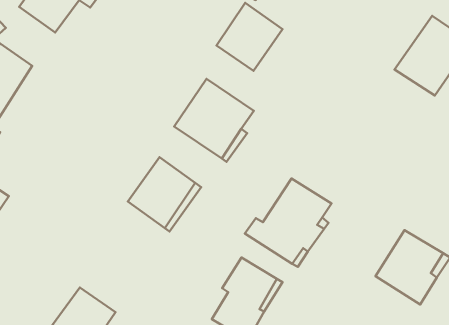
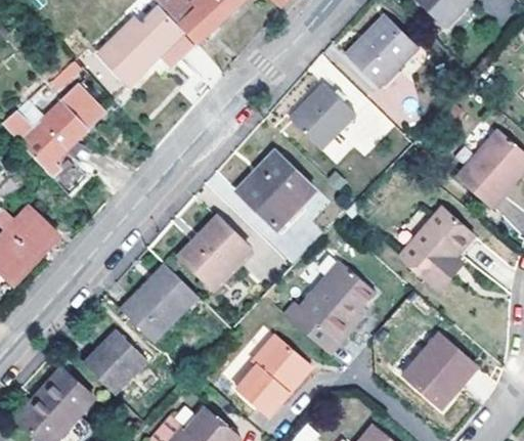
building: none -> [399,204,476,288]
building: none -> [116,266,192,343]

